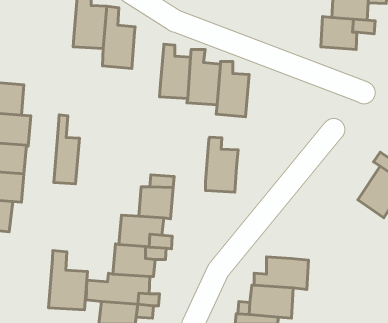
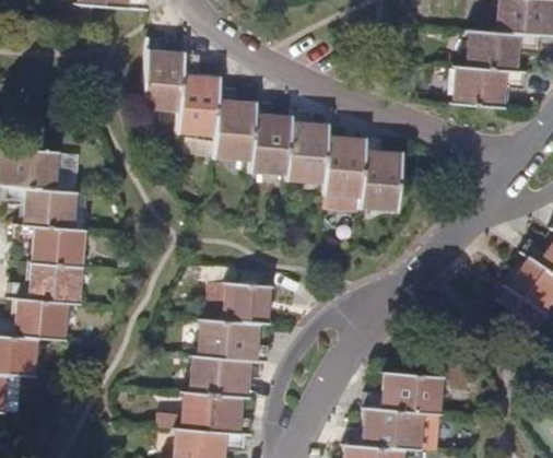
building: none -> [212,89,255,158]
building: [54,115,80,184] -> none
building: [206,137,238,192] -> [358,139,400,209]
building: [49,251,88,310] -> none

